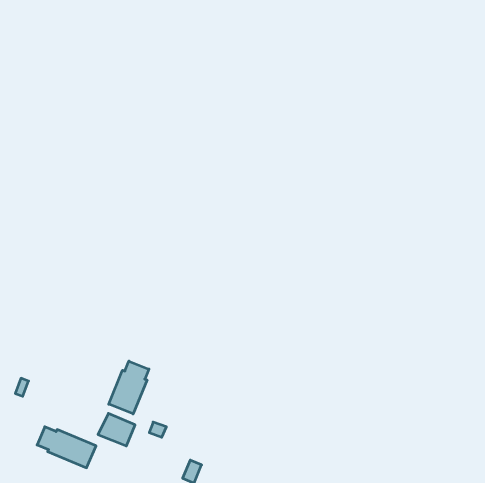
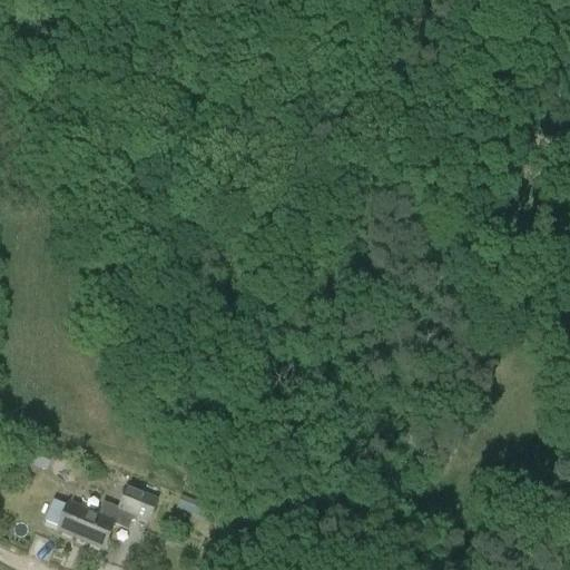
building: [109,361,149,414] -> none

